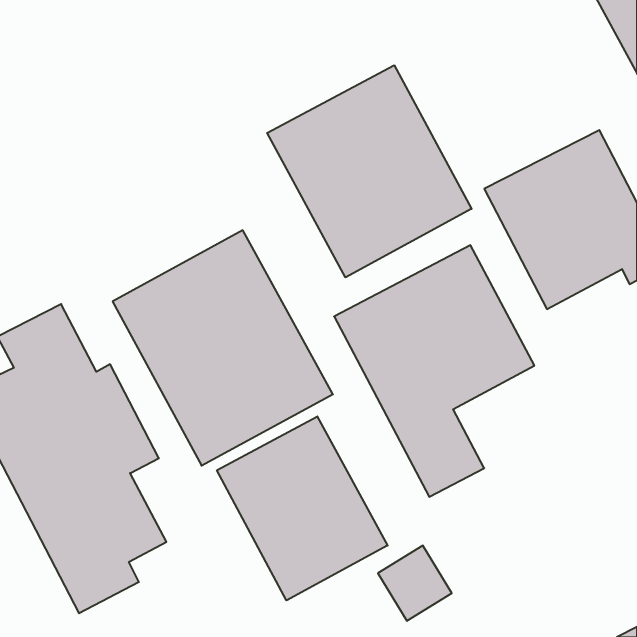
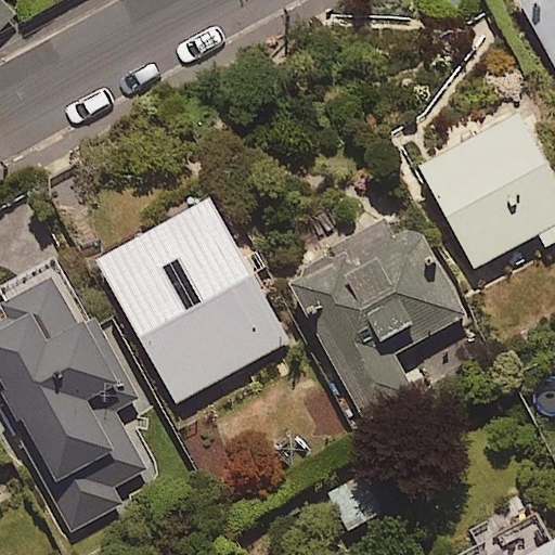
building: [267,65,472,277] -> none
building: [217,416,388,600] -> none

